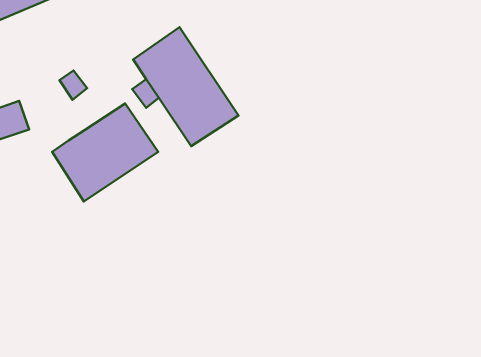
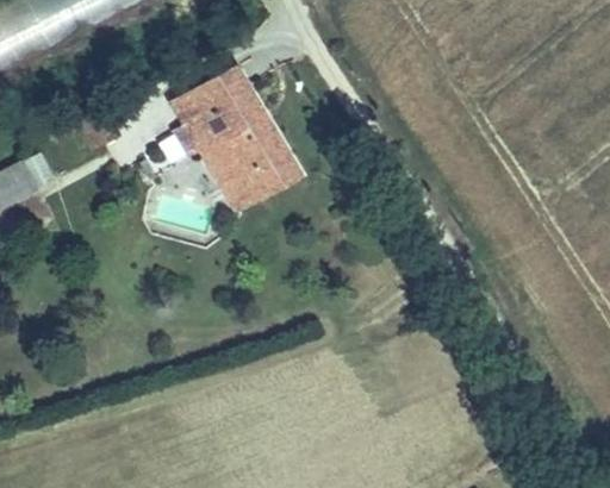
building: [52,103,158,201] -> none

